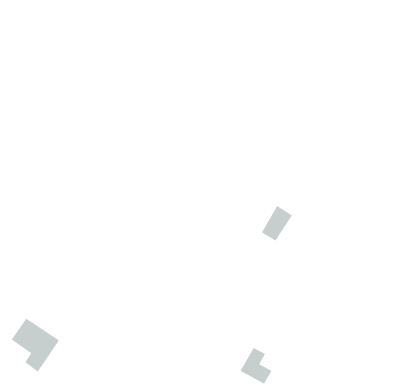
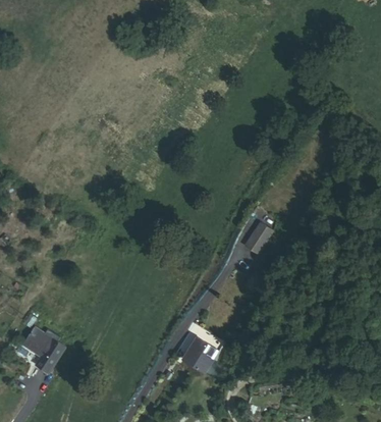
building: [240,347,273,385] -> [185,339,215,373]

